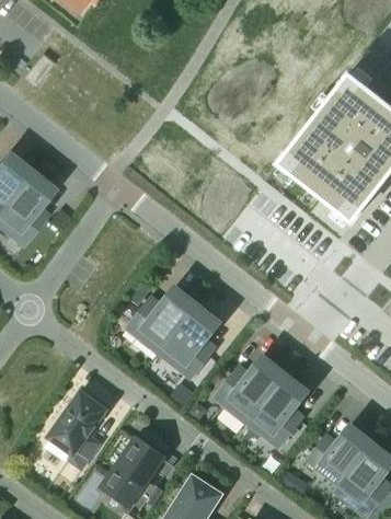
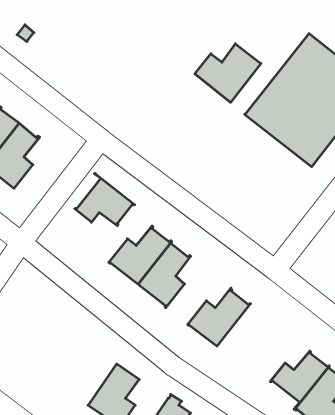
building: none -> [195,44,261,102]
building: none -> [75,173,135,226]
building: [248,372,307,446] -> none
building: [47,390,105,469] -> none

